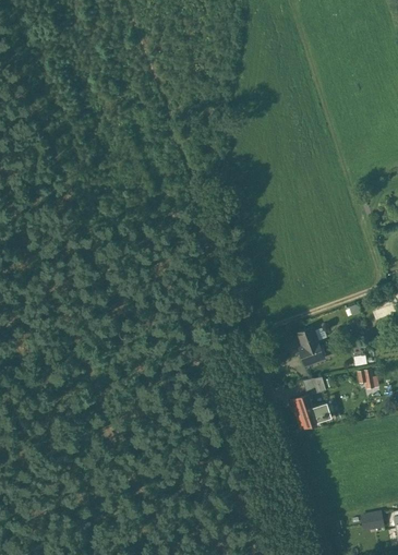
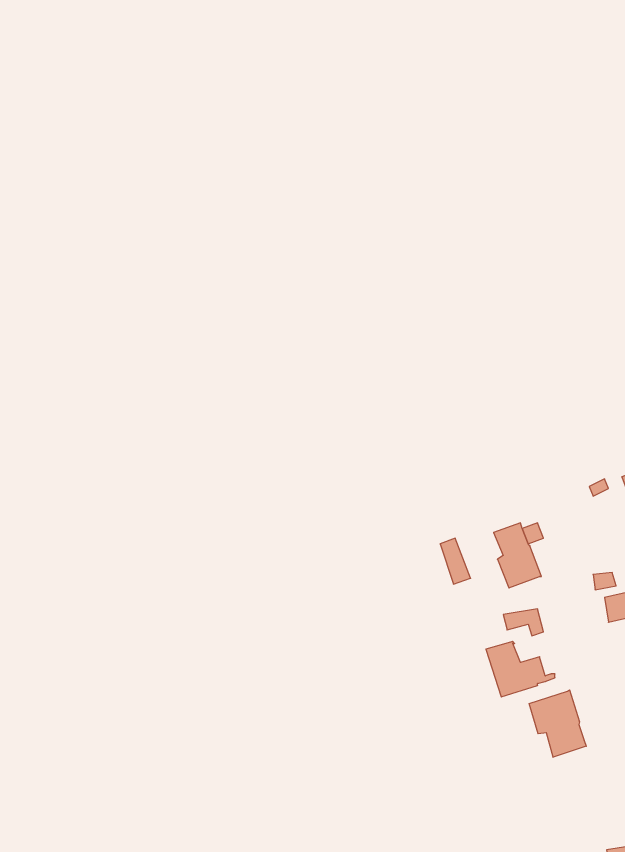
building: none -> [529,690,586,757]

